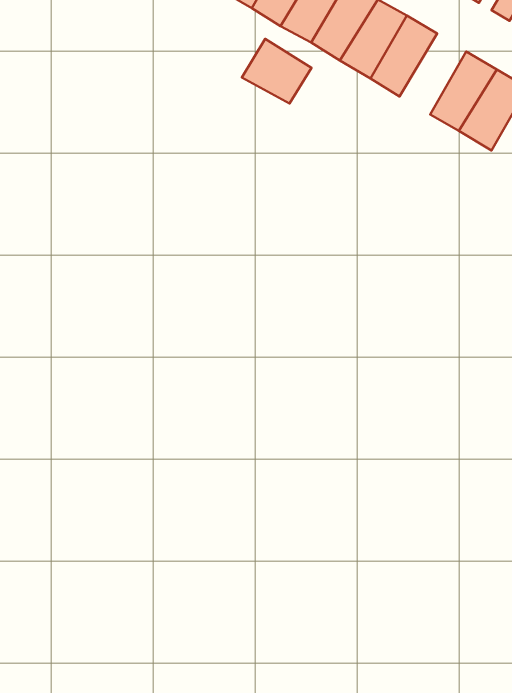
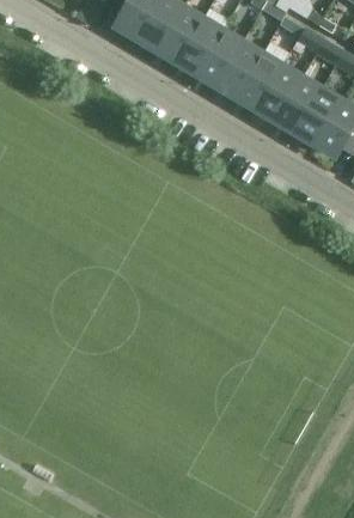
building: none -> [276,77,321,130]
building: [242,39,311,104] -> none

